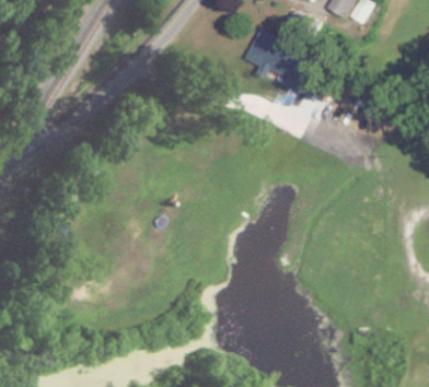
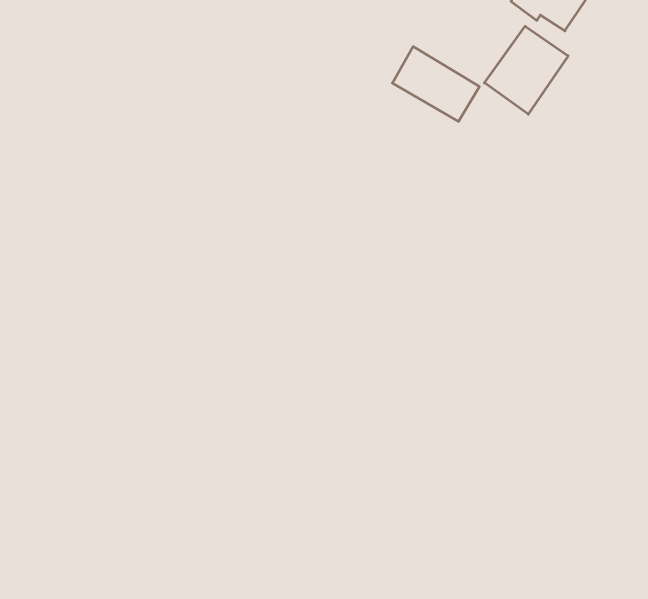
building: none -> [484,26,568,114]

